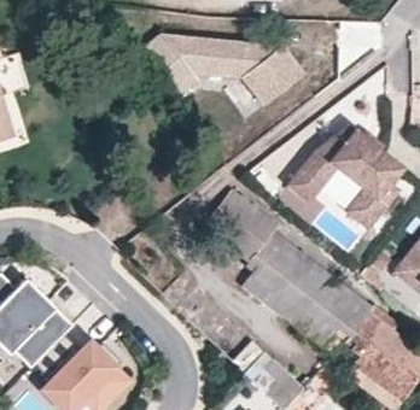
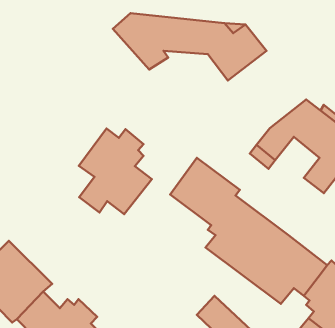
building: none -> [79,129,152,214]

